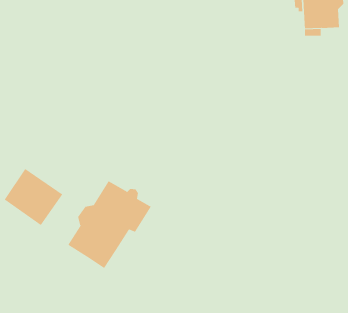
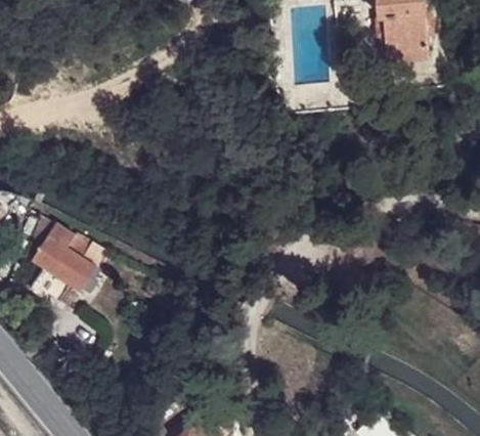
building: [67,181,152,269] -> none

